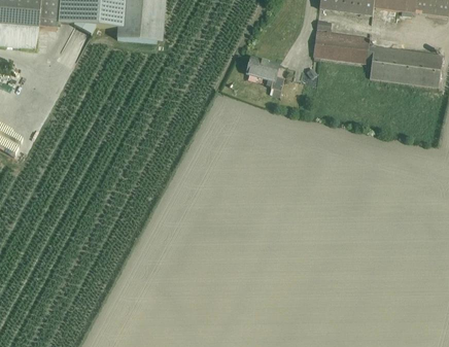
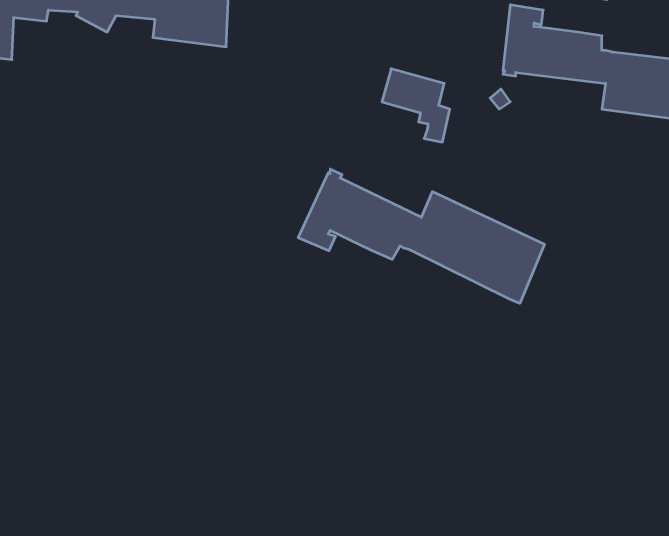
building: none -> [298,169,544,303]

